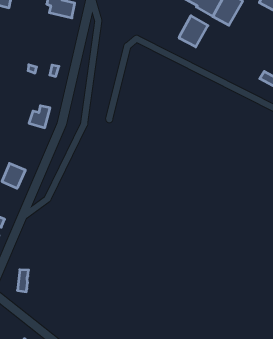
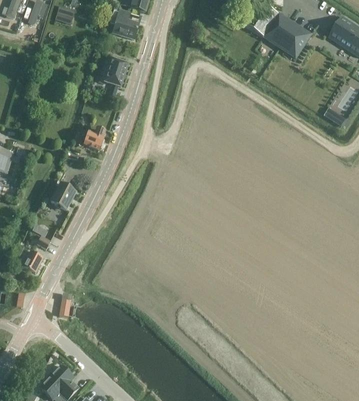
building: [179,16,208,47] -> none
building: none -> [103,57,127,86]

